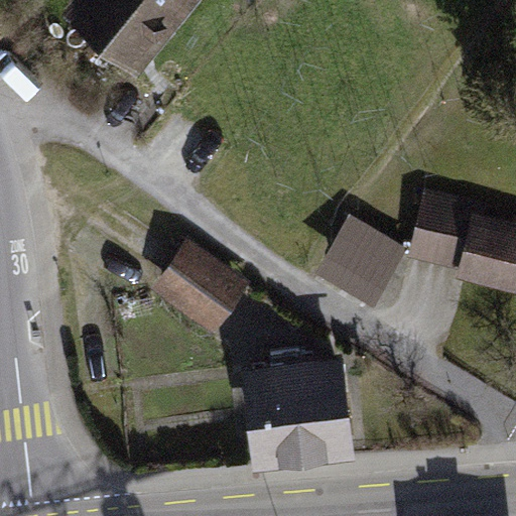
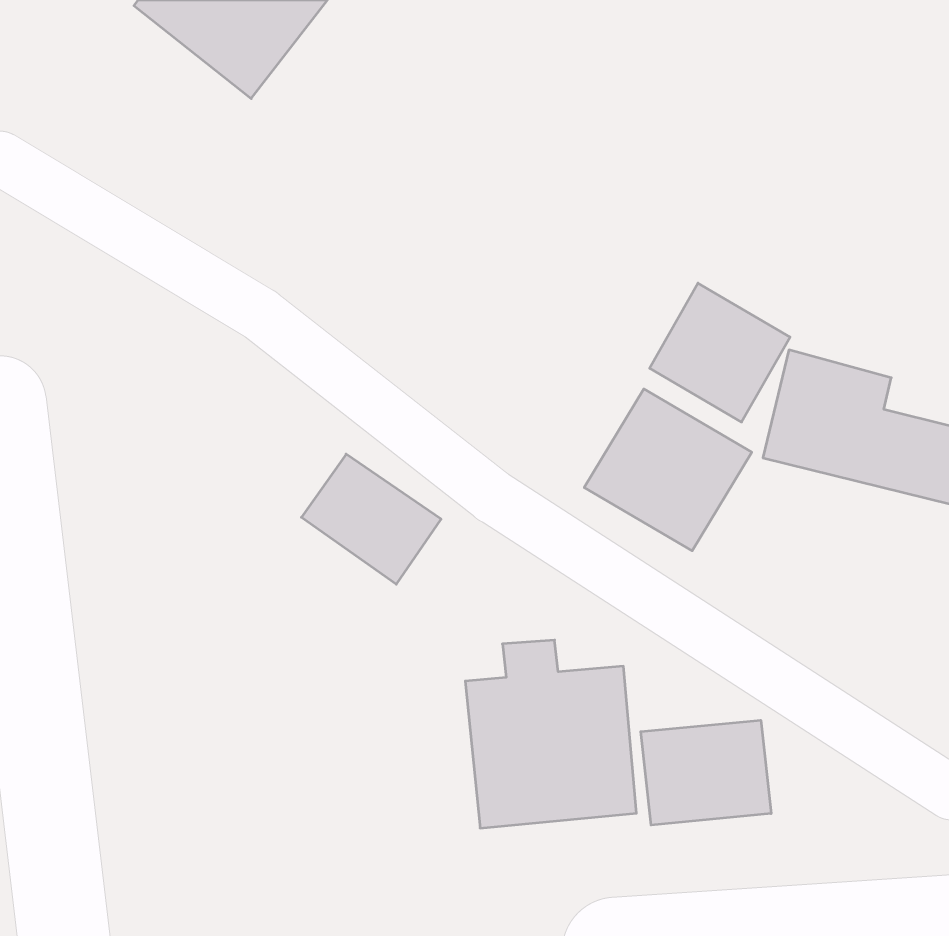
building: none -> [650,283,790,422]
building: none -> [641,720,771,825]

